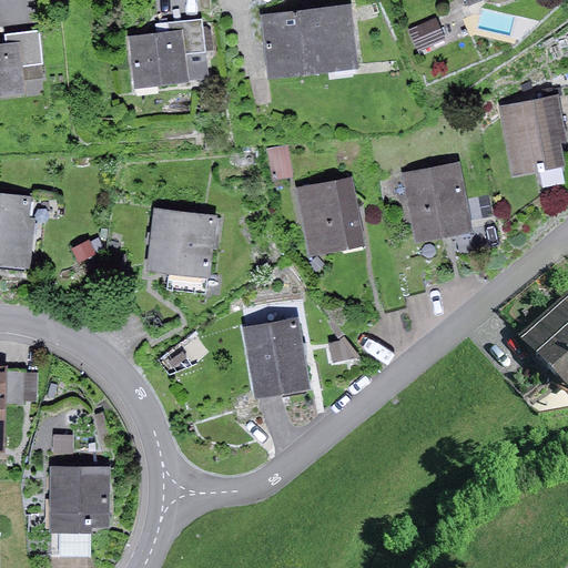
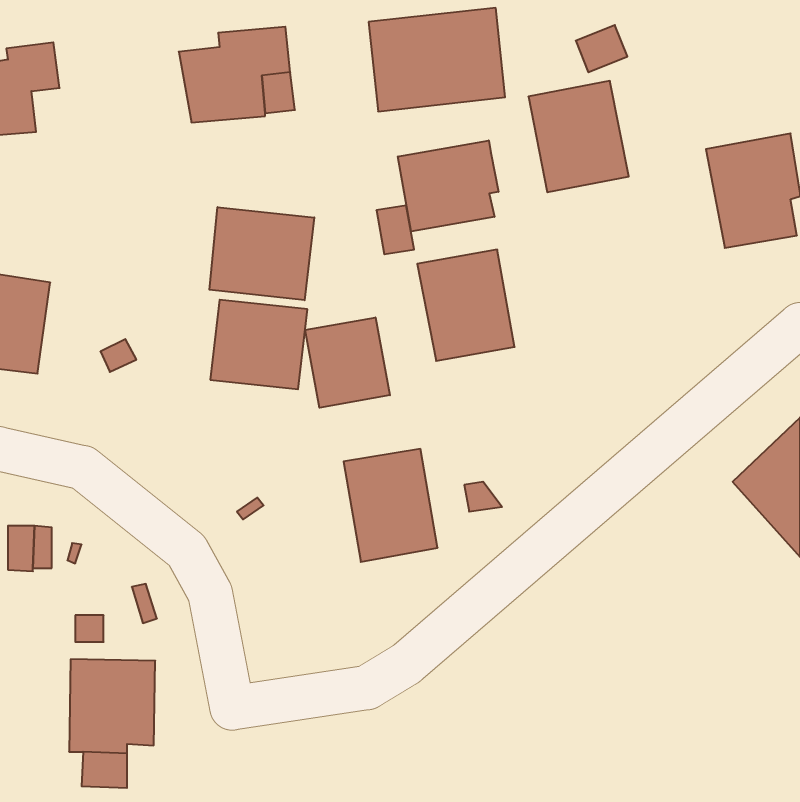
building: none -> [398,140,498,232]
building: none -> [209,207,314,300]
building: [402,163,473,242] -> [528,81,629,192]
building: none -> [305,317,390,408]

